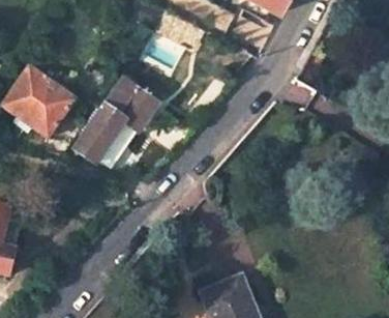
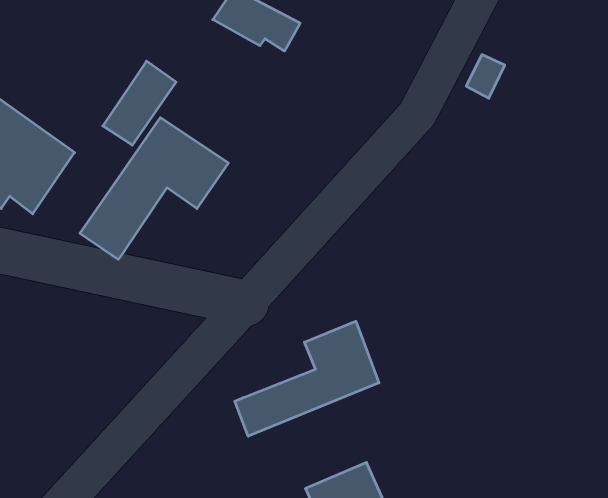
building: [98,119,142,169] -> [103,61,176,145]
building: none -> [235,321,379,436]

